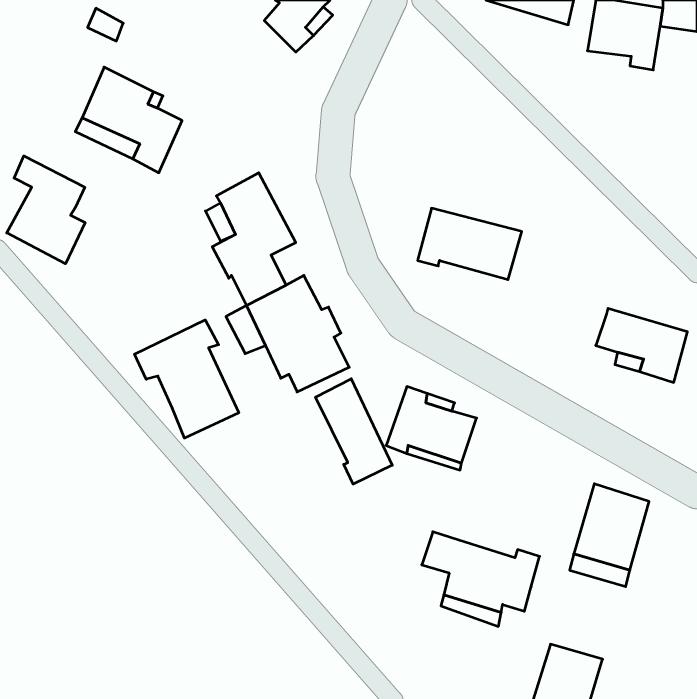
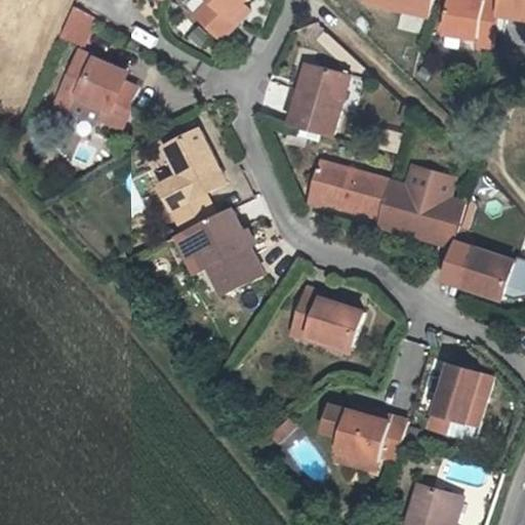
building: none -> [291,67,351,138]
building: [7,156,85,264] -> none
building: none -> [379,170,467,236]
building: [135,320,239,438] -> none
building: [316,379,392,484] -> none

